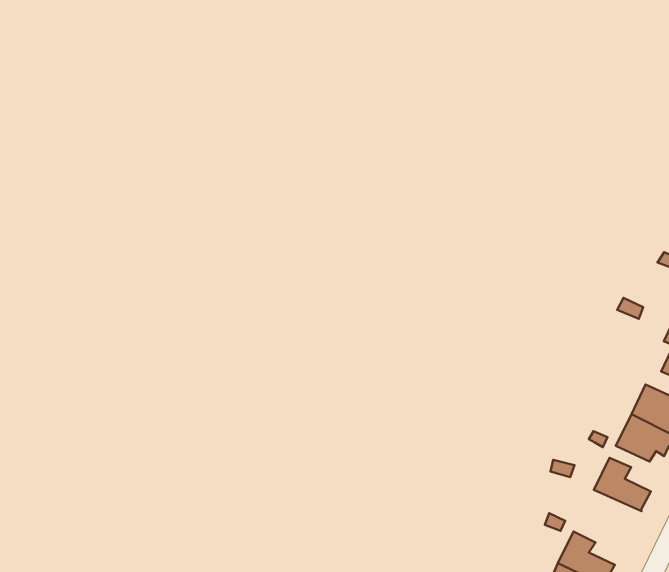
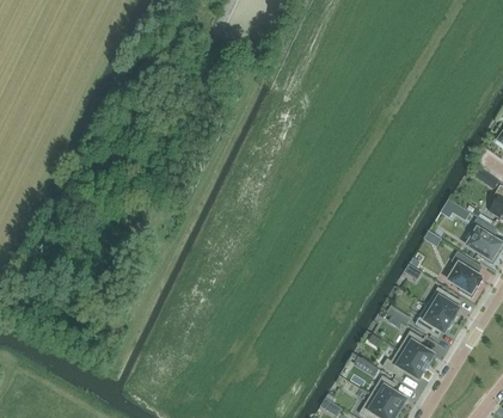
building: none -> [382,350,427,379]

